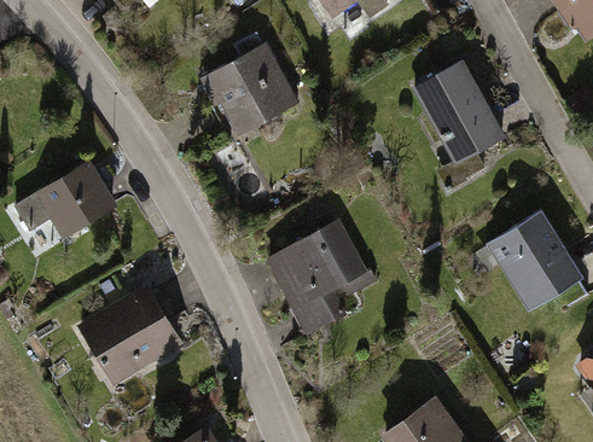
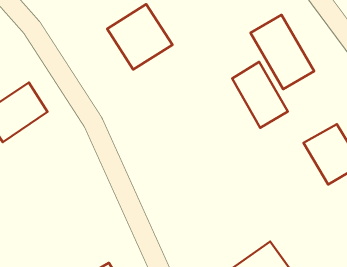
building: none -> [232,62,288,128]
building: [269,225,374,330] -> none
building: [77,285,179,382] -> none

